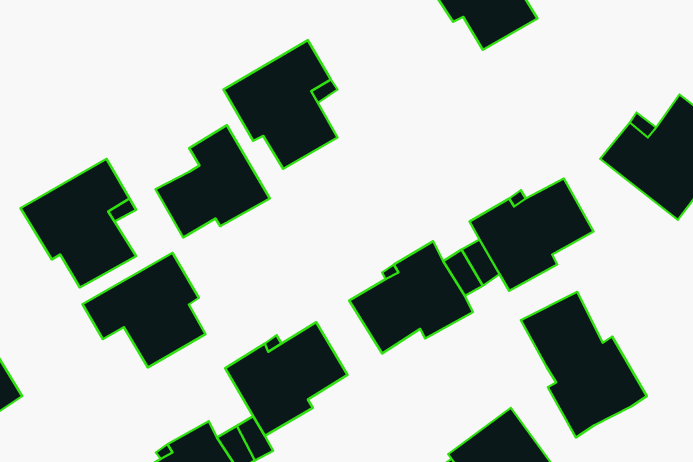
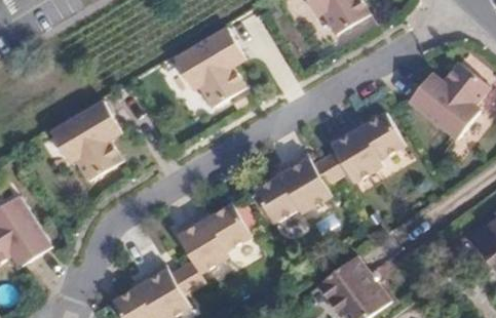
building: [155,125,270,237] -> none
building: [83,253,205,368] -> none
building: [521,292,647,438] -> none

